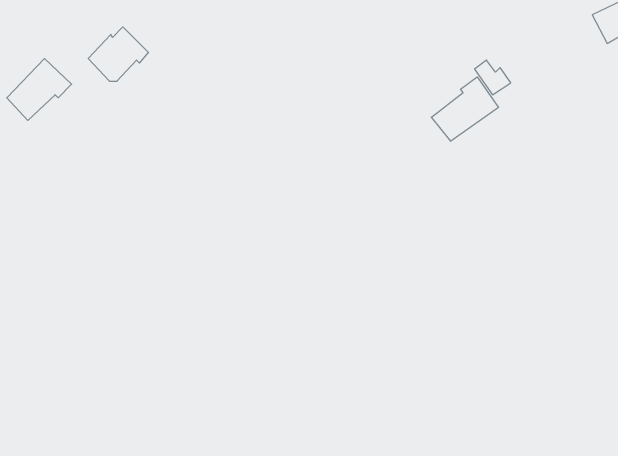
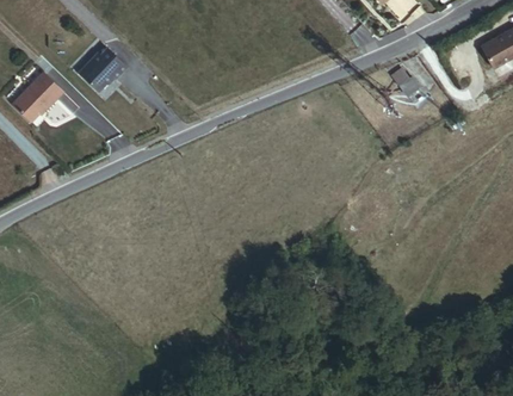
building: [431,77,498,141] -> none

